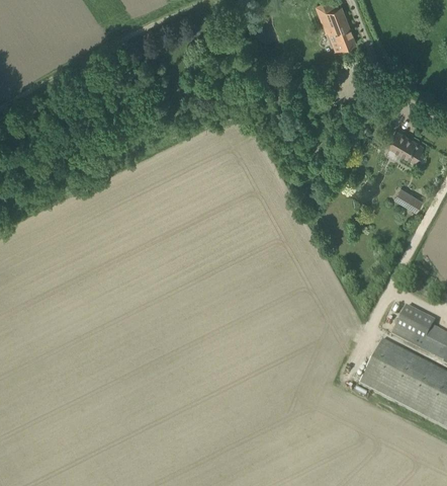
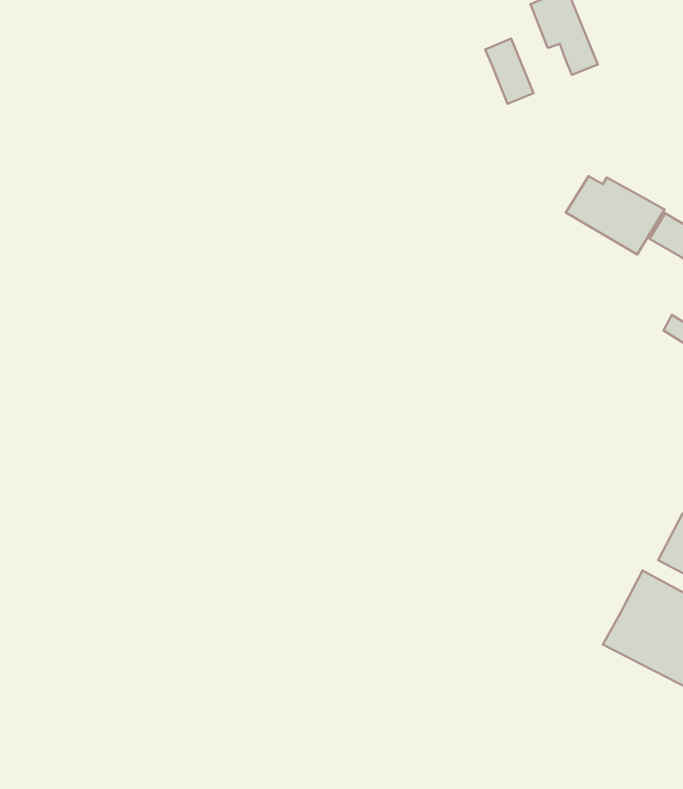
building: none -> [485,39,533,104]
building: none -> [566,176,664,255]

